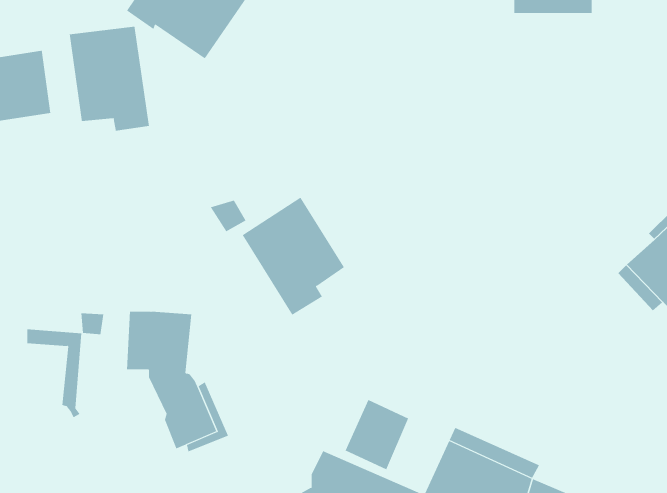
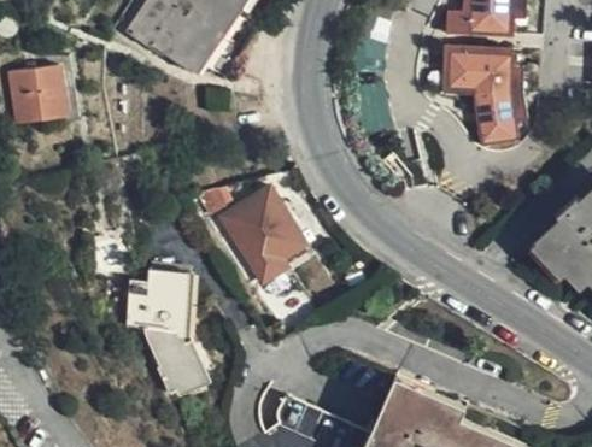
building: none -> [441,46,522,143]
building: [69,26,149,131] -> none
building: [26,329,82,418] -> [148,269,194,342]
building: [345,399,409,470] -> none

